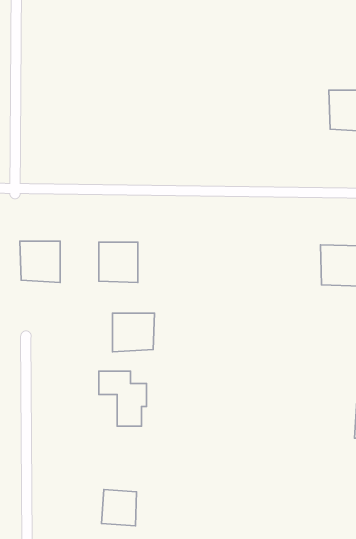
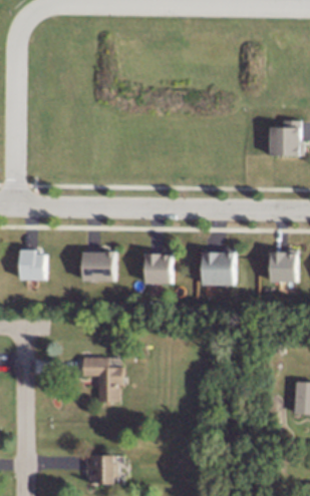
building: none -> [141,251,175,284]
building: none -> [203,251,235,285]
building: [112,313,154,352] -> none

